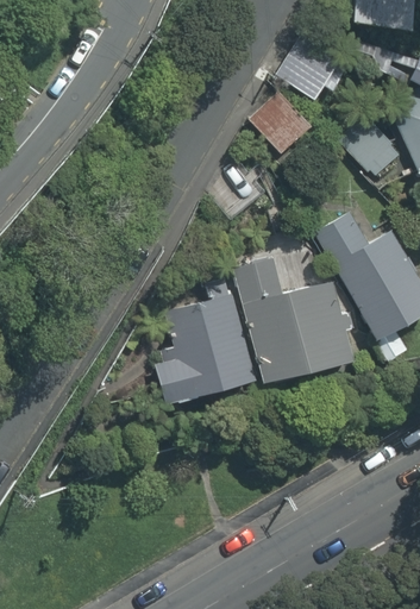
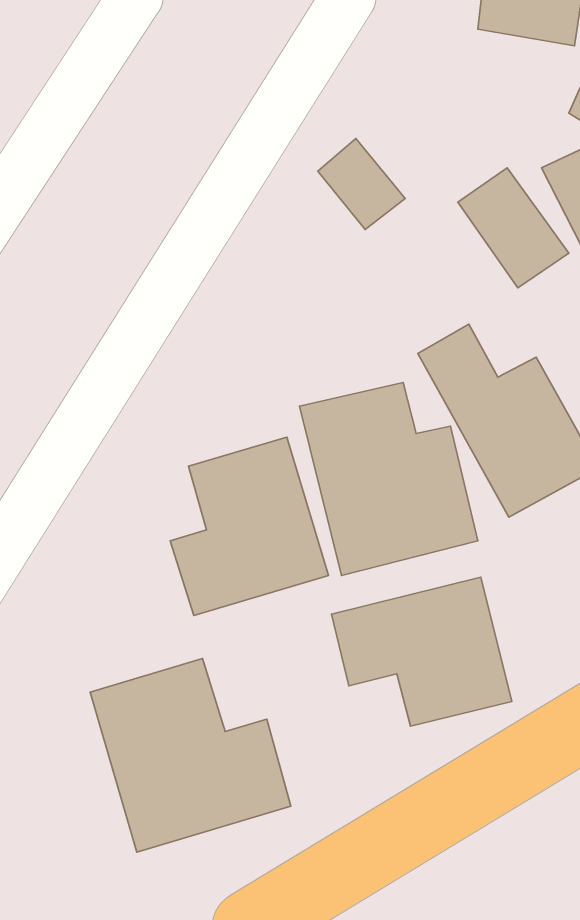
building: [276,38,346,98] -> none
building: none -> [332,577,512,726]
building: none -> [90,659,291,852]

